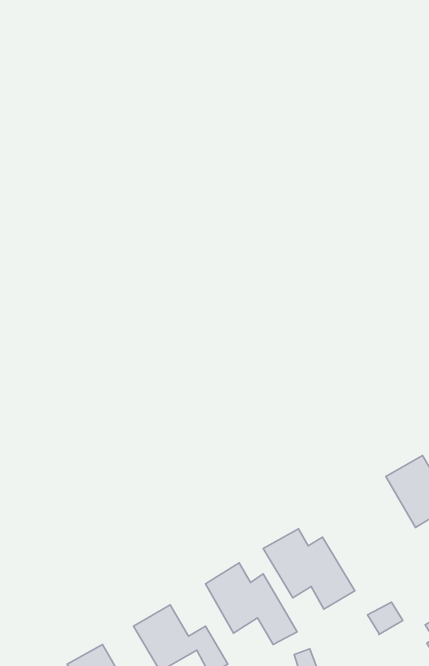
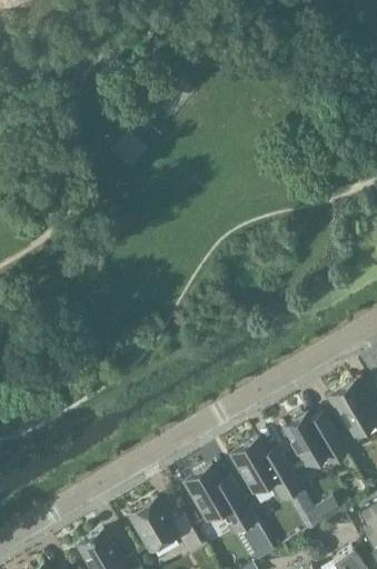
building: none -> [285,413,348,468]

